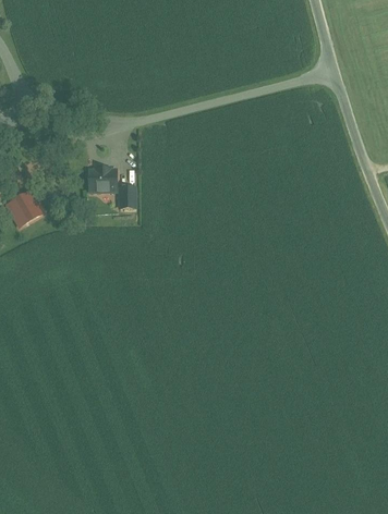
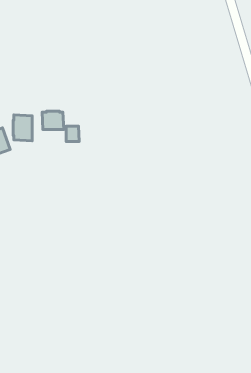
building: none -> [13,115,32,141]

